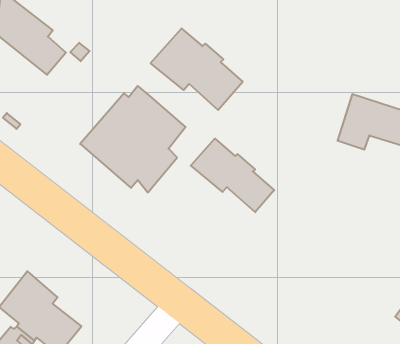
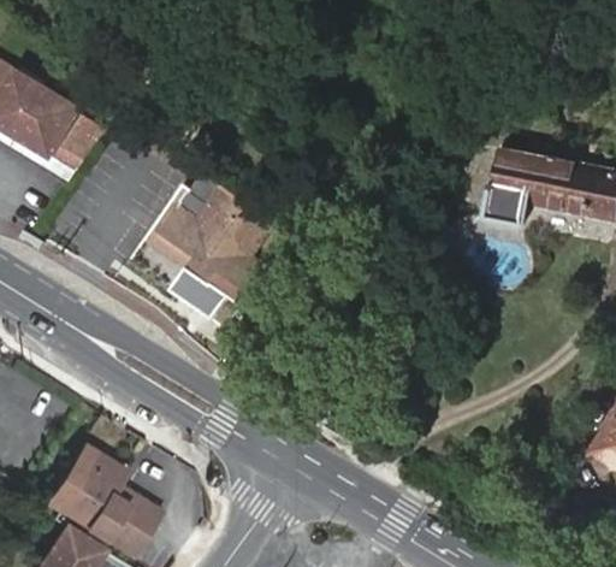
building: [151,28,243,110] -> none
building: [191,139,274,212] -> none

